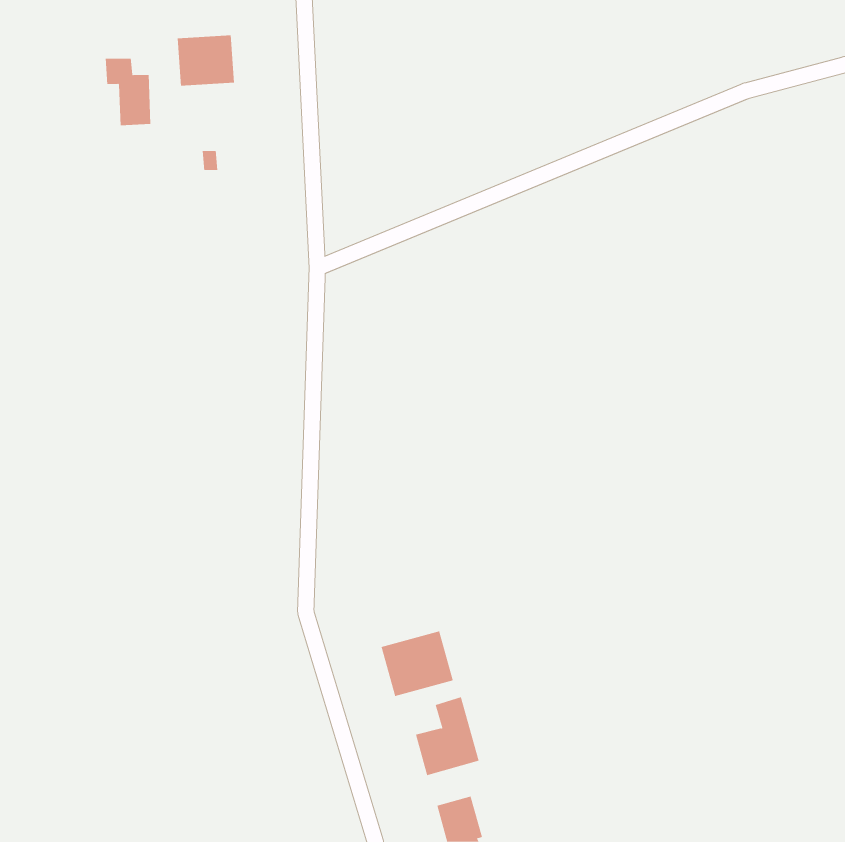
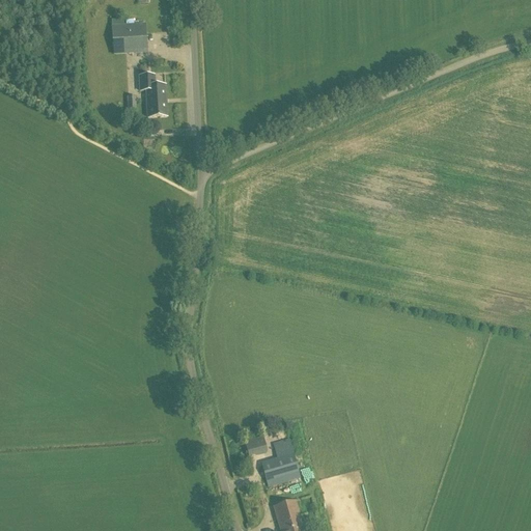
building: [105,58,151,126] -> [138,74,167,116]
building: [381,630,454,697] -> none

